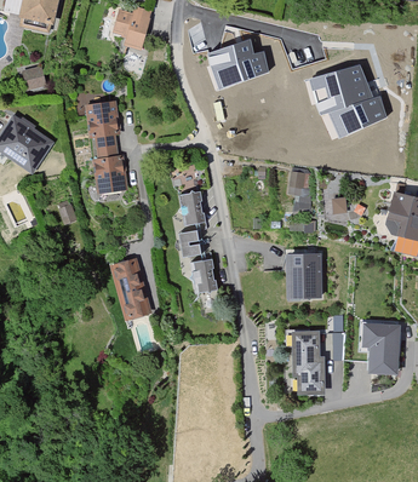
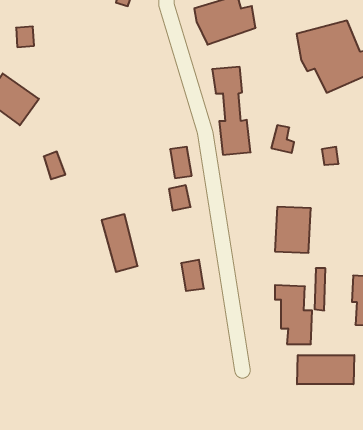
building: [87,103,126,191] -> [212,67,251,155]
building: [193,258,216,289] -> [181,260,204,291]
building: none -> [297,355,354,384]

